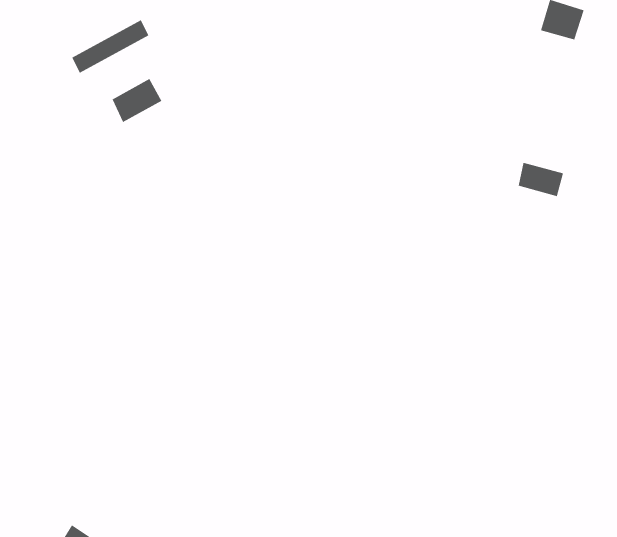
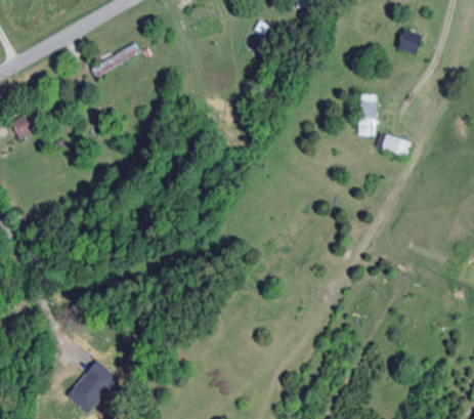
building: [112,78,162,123] -> none
building: none -> [358,94,378,136]

